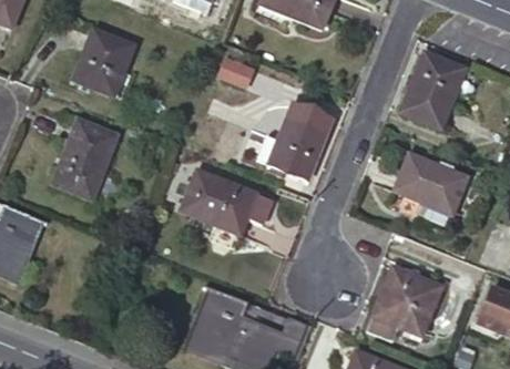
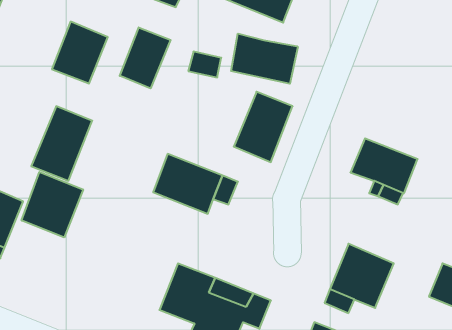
building: none -> [120,27,171,88]
building: none -> [231,34,298,84]
building: [400,52,463,127] -> none
building: none -> [22,172,83,237]

